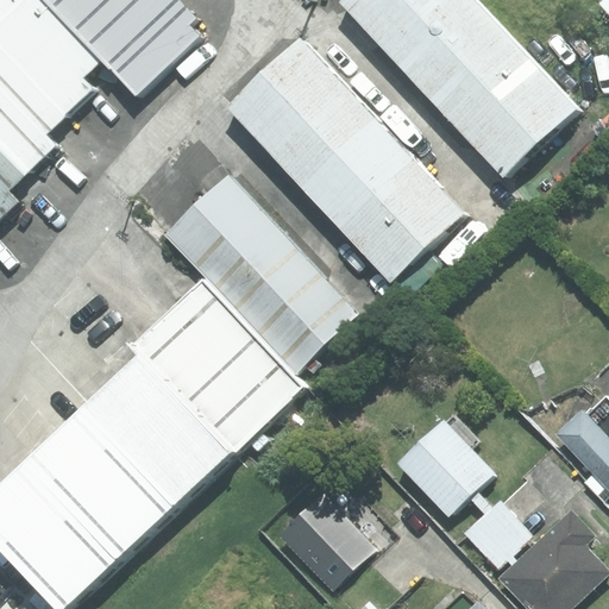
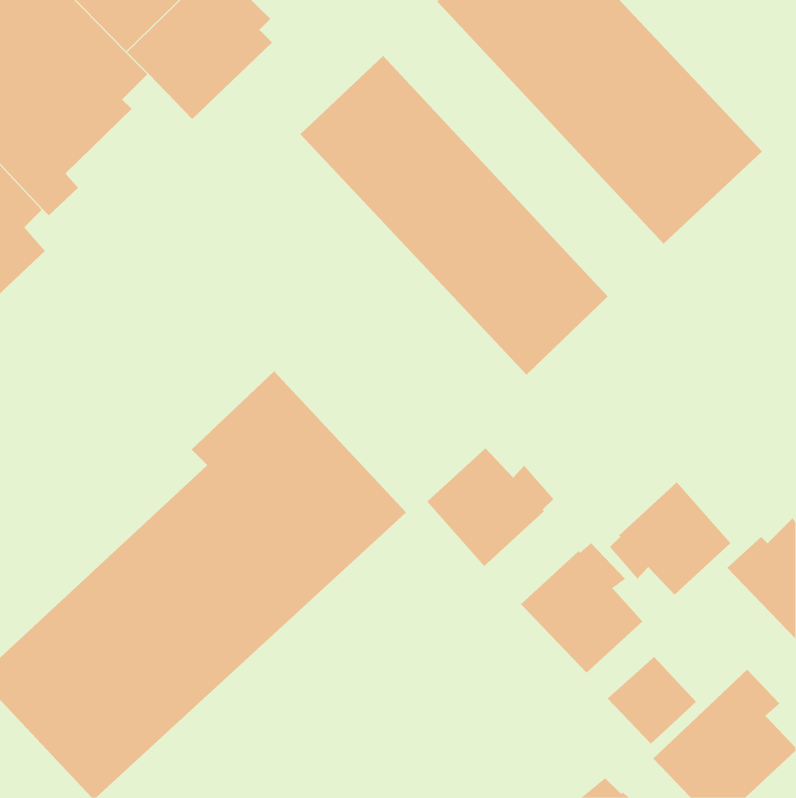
building: [169,167,369,371] -> none
building: none -> [427,447,554,567]
building: none -> [609,481,731,596]
building: [272,488,371,586] -> none

